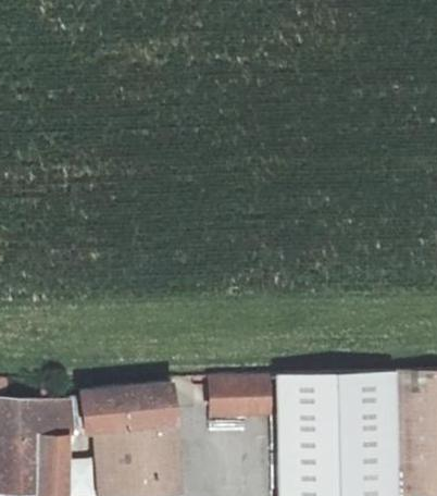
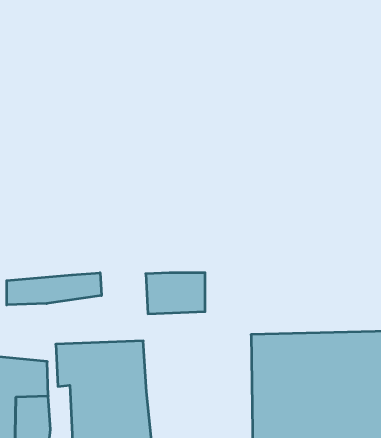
building: none -> [7,273,101,305]
building: [209,376,269,418] -> [146,273,205,314]

